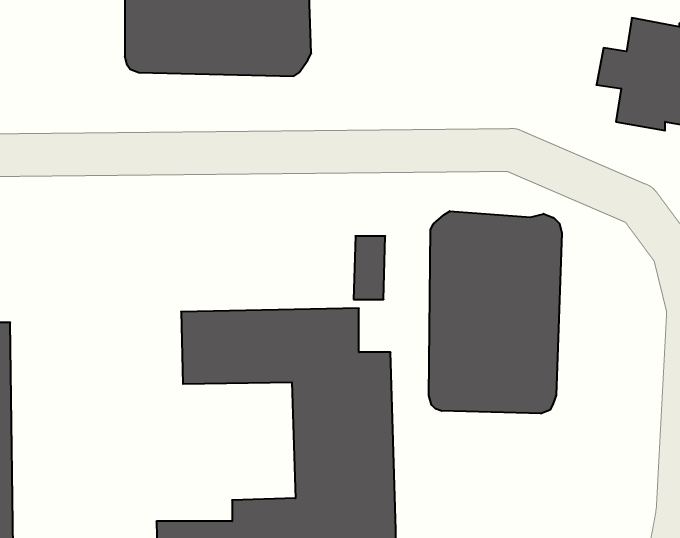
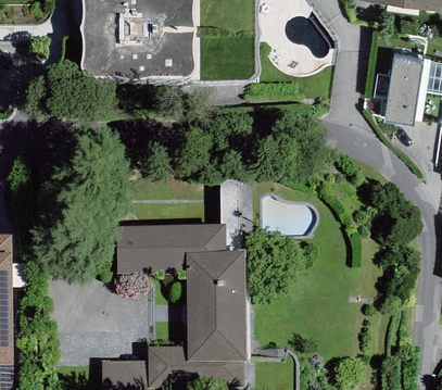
building: [429,211,562,414] -> none

